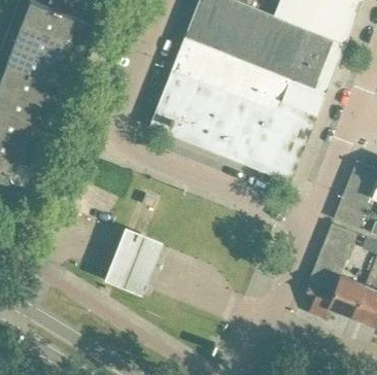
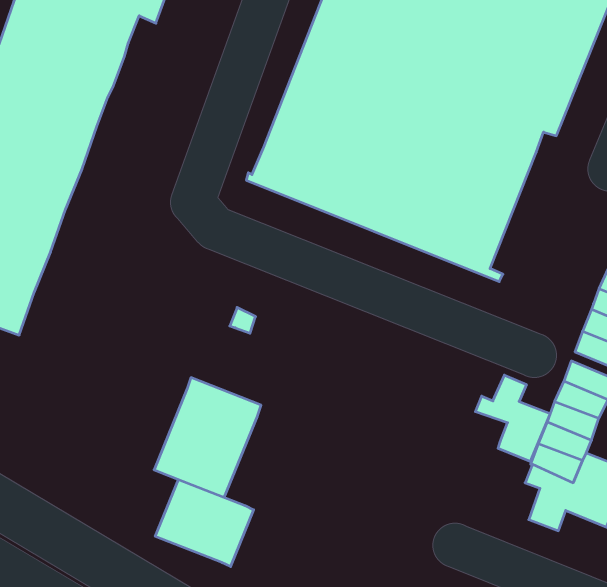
building: none -> [475,375,550,462]
building: none -> [155,480,254,567]

